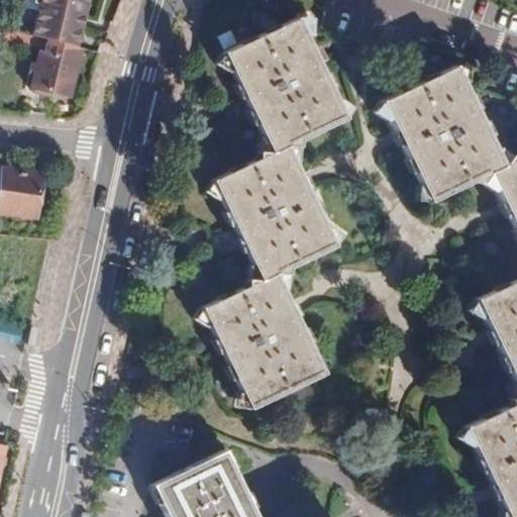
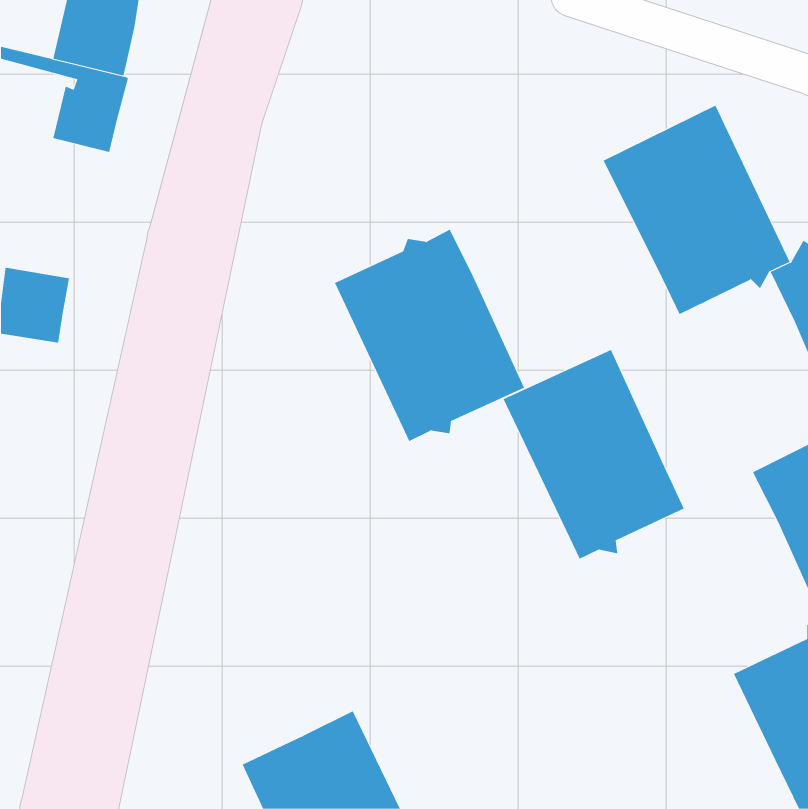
building: [226,18,348,153] -> none
building: none -> [503,349,685,560]
building: [205,274,324,408] -> none

